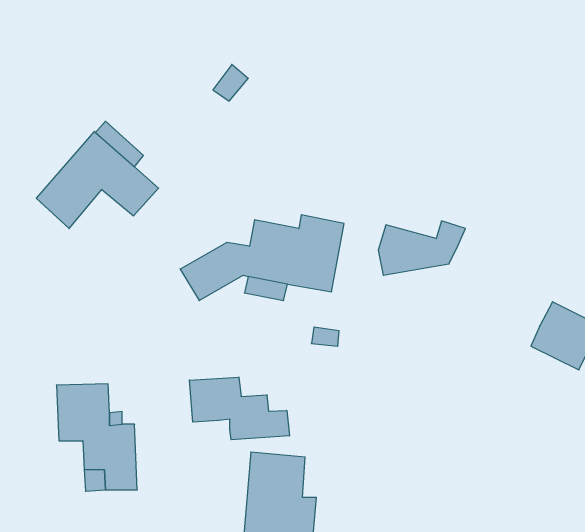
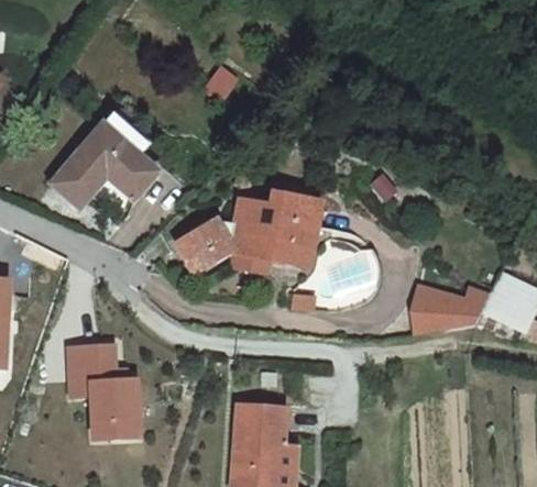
building: [378,221,465,275] -> [414,287,490,334]
building: [189,377,289,440] -> none

